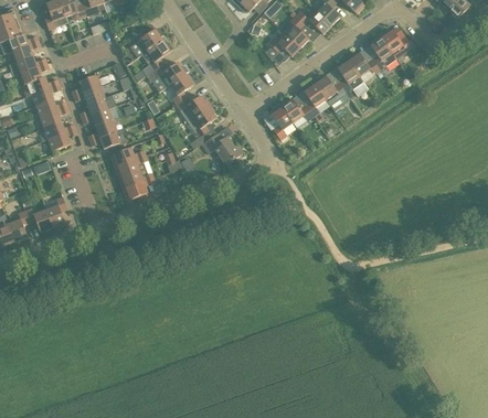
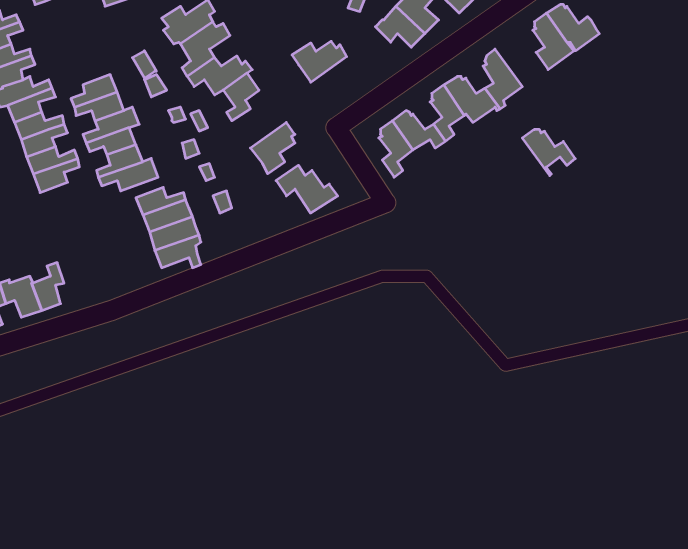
building: [346,52,380,82] -> [522,130,575,176]
building: [176,95,211,121] -> [292,41,347,82]

